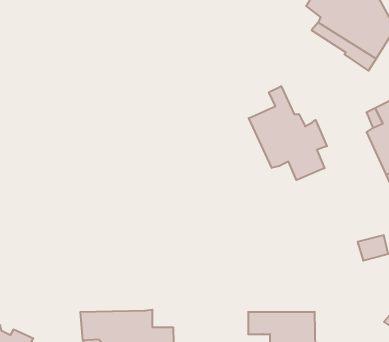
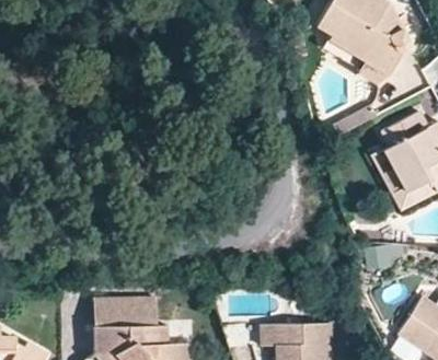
building: [249,86,327,180] -> none
building: none -> [94,299,159,325]

